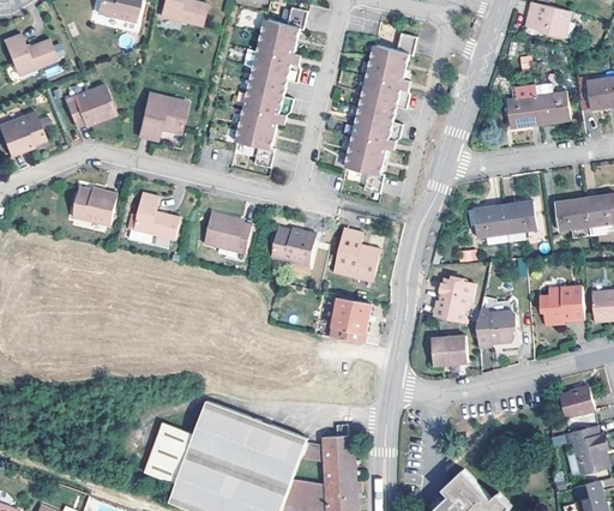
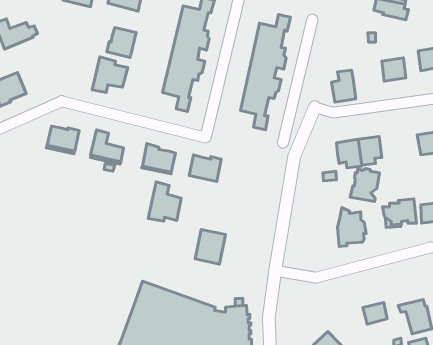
building: none -> [107,27,136,57]
building: [507,84,541,128] -> [331,70,356,102]
building: [67,85,116,127] -> none
building: [556,198,591,230] -> none
building: [332,224,379,273] -> none
building: none -> [148,182,181,221]
building: [433,278,474,324] -> [350,169,380,202]
building: [330,297,372,345] -> [195,229,225,264]
building: [428,337,465,366] -> none
building: [559,387,592,417] -> [363,302,387,324]
building: [144,422,194,483] -> none

